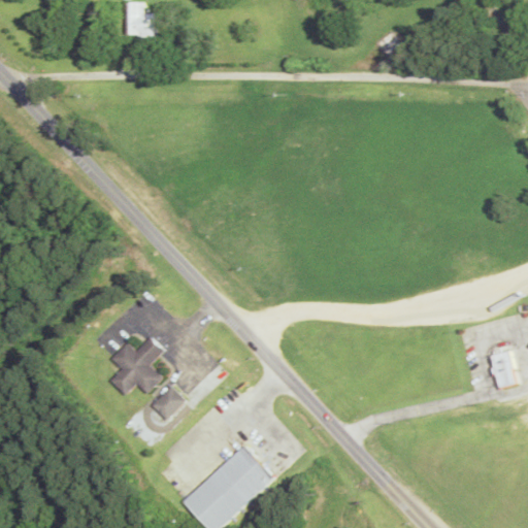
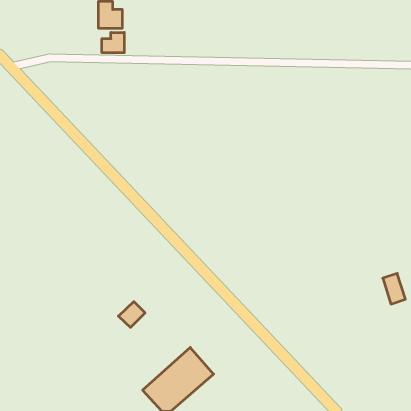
building: none -> [102,32,124,53]
building: [110,337,164,396] -> none

